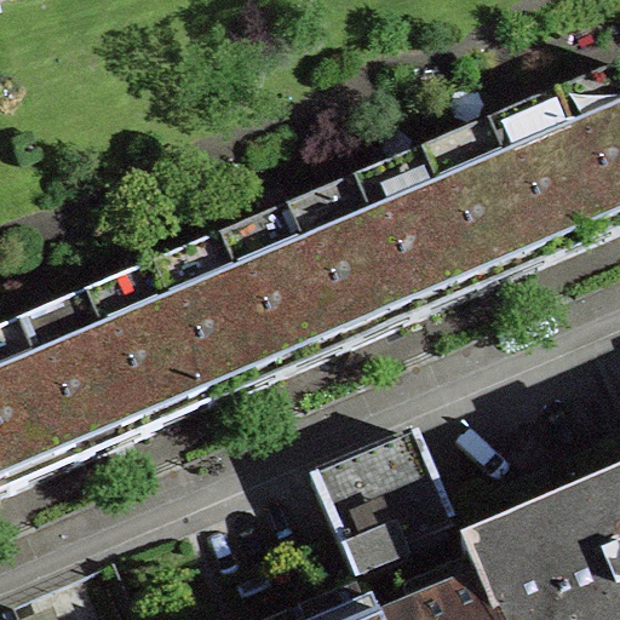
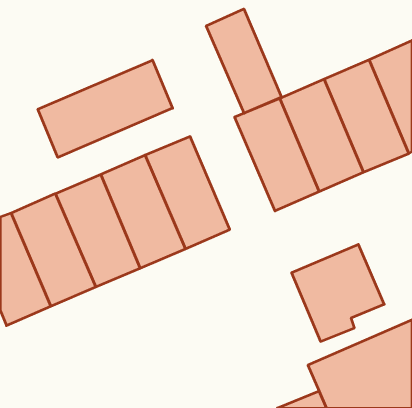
building: none -> [206,9,282,113]
building: none -> [38,60,173,157]
building: [286,176,413,344] -> none
building: [314,432,453,578] -> [292,244,384,341]

